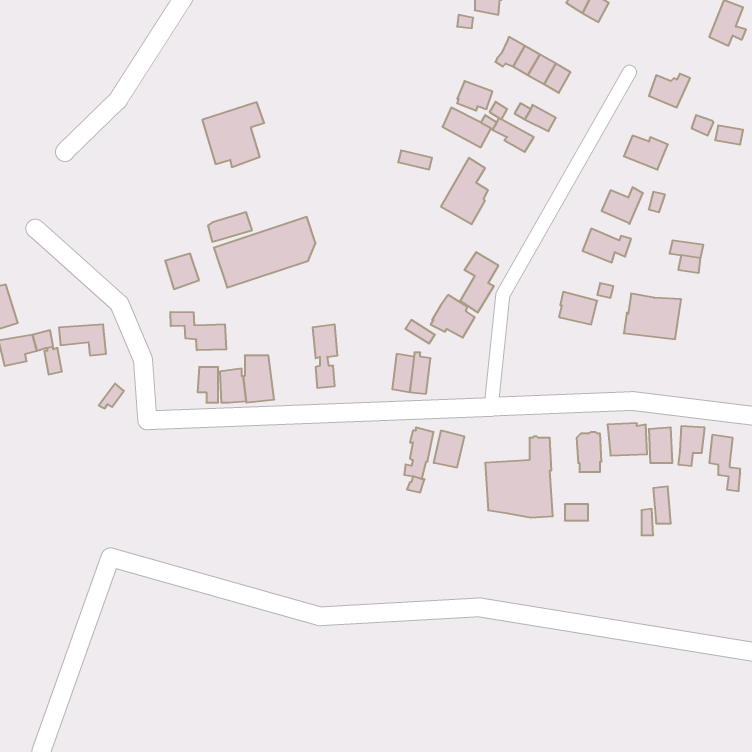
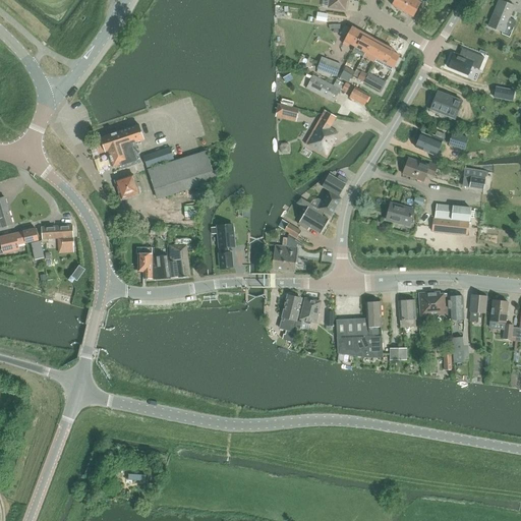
building: [202,102,264,167] -> [101,124,143,169]
building: [170,312,226,350] -> none

